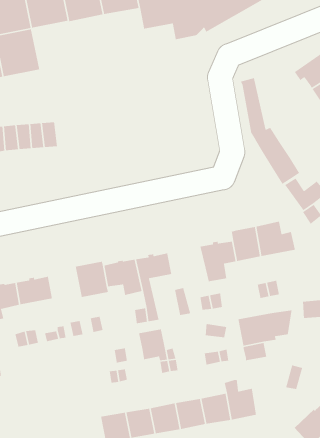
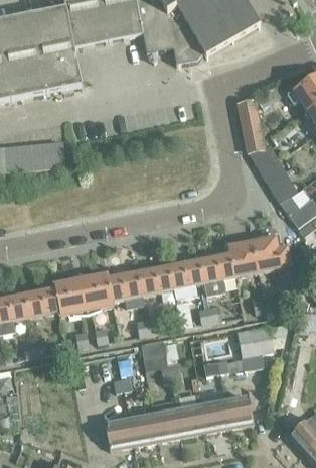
building: none -> [39,44,82,91]
building: none -> [169,259,204,286]
building: none -> [54,278,87,314]

